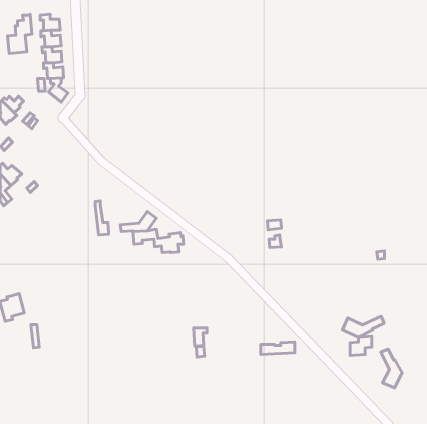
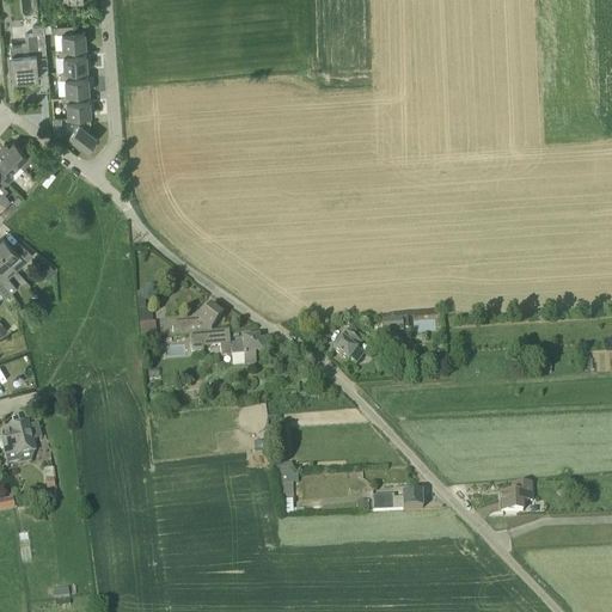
building: none -> [332,326,365,361]
building: [342,316,384,337] -> none
building: [381,349,402,388] -> none

